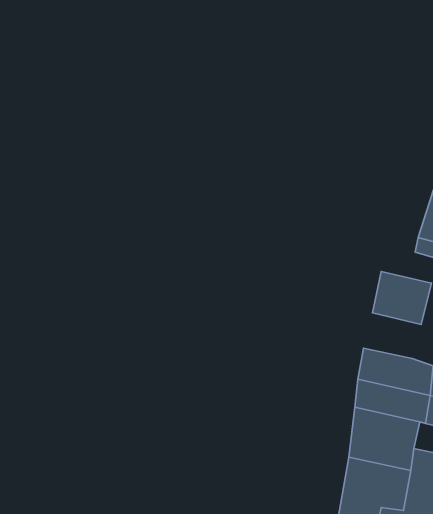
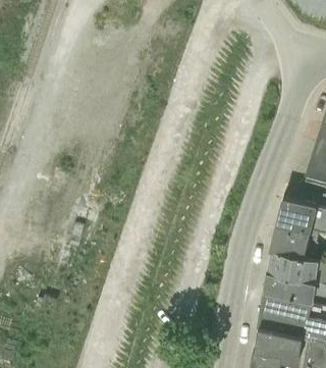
building: none -> [271,223,311,255]

